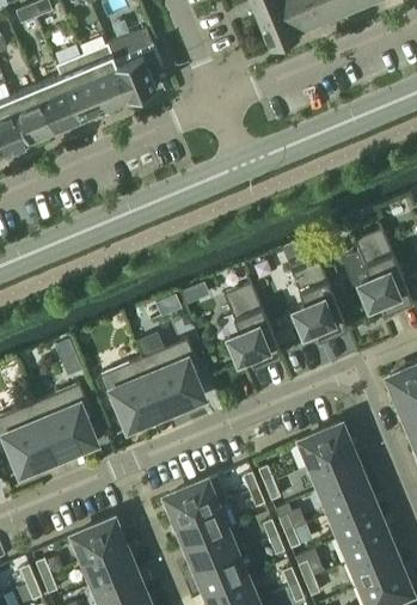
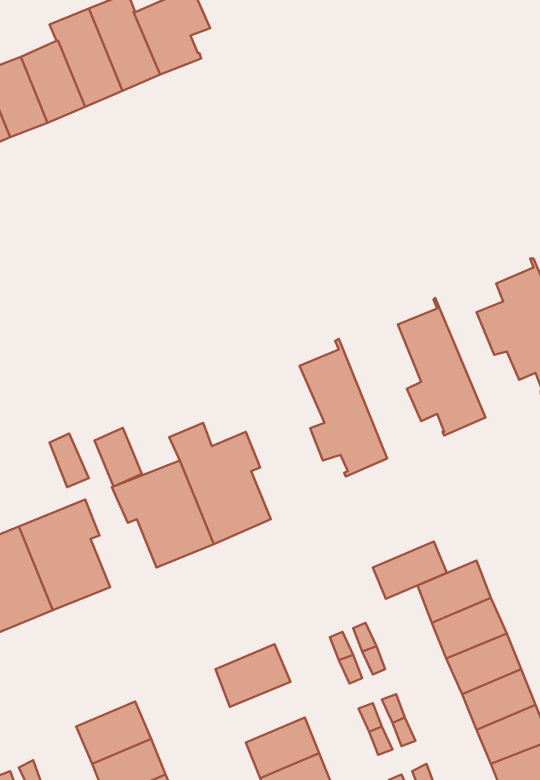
building: none -> [94,428,142,486]
building: none -> [373,542,447,599]
building: [176,507,226,548] -> none

